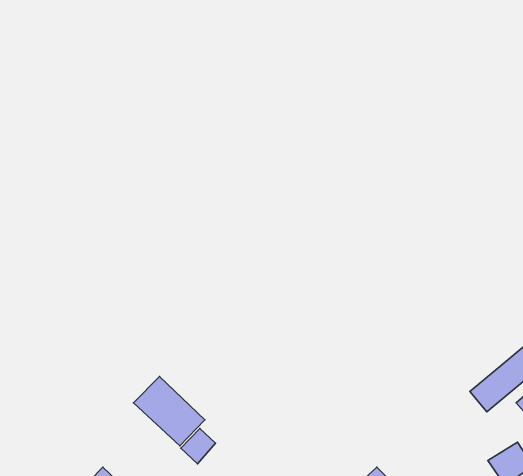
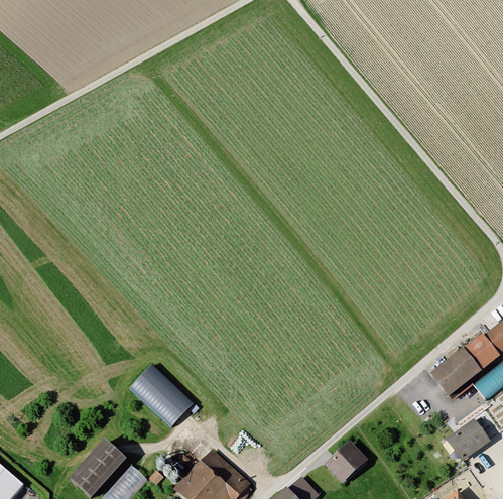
building: [181,428,216,464] -> none

